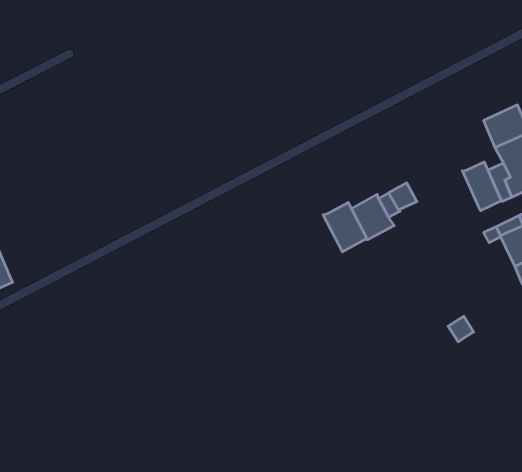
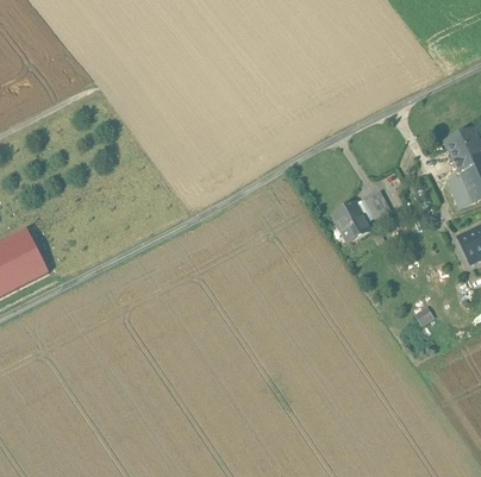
building: [462,162,501,211] -> none
building: [323,202,367,252] -> none

